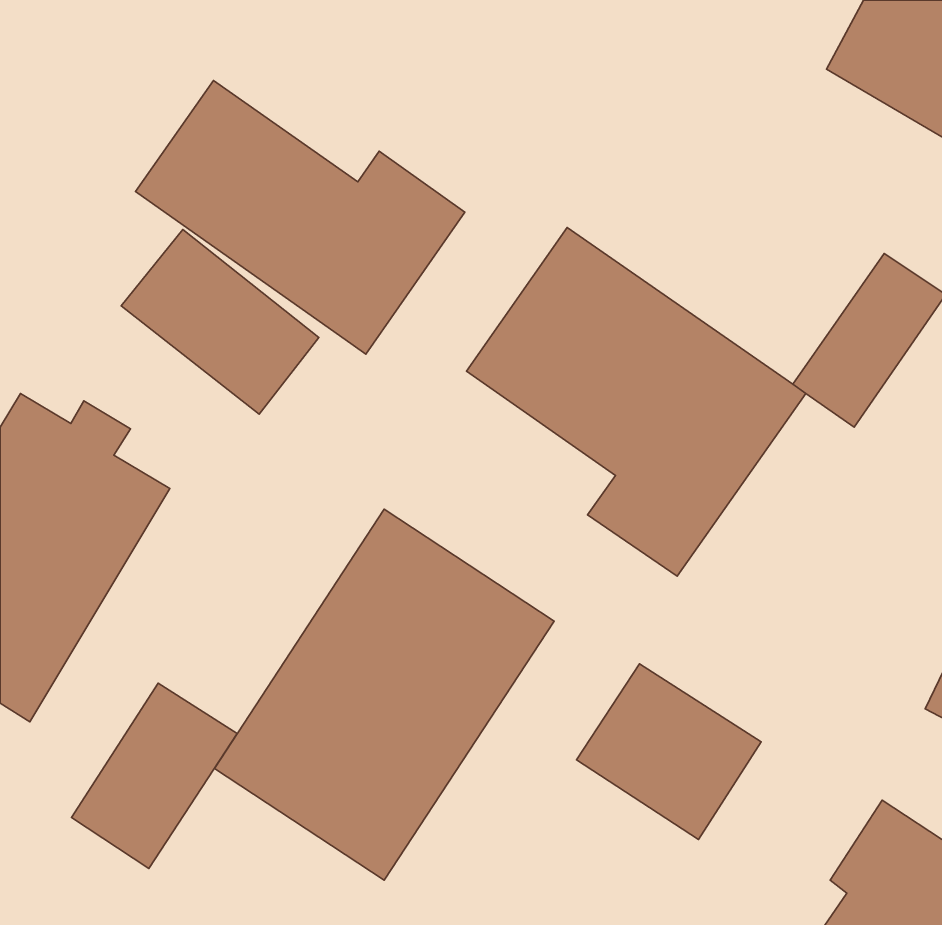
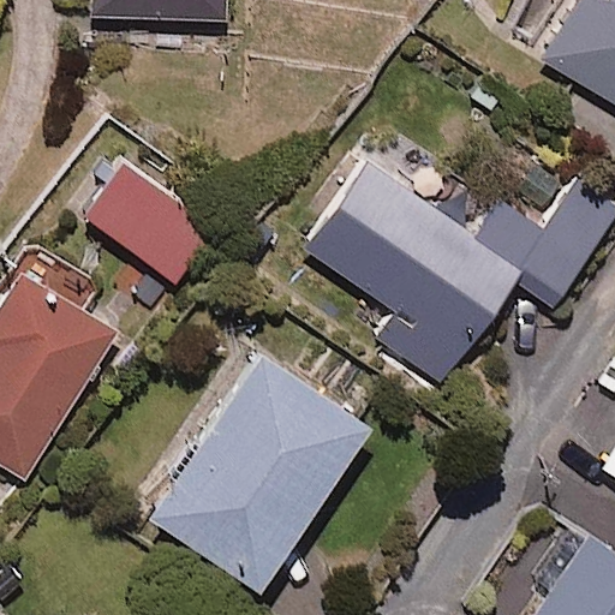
building: [135,80,465,354] -> none
building: [576,664,761,840] -> none
building: [72,683,237,868] -> none

